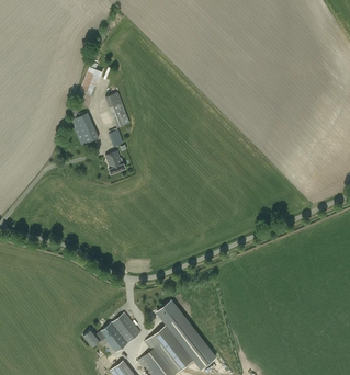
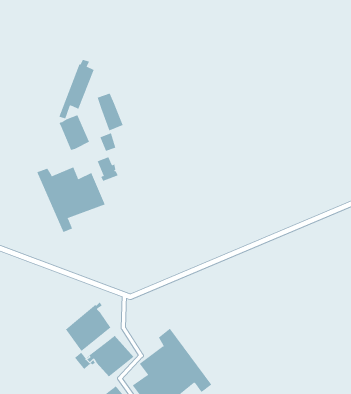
building: none -> [37,166,106,233]
building: none -> [65,302,111,352]

